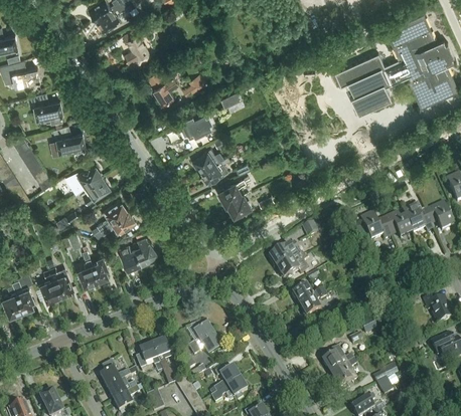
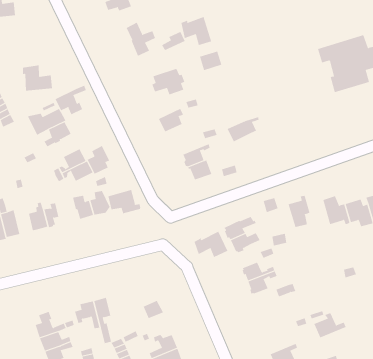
building: none -> [181,16,212,46]
building: [31,93,63,125] -> none
building: none -> [55,85,87,115]
building: [199,158,229,186] -> [227,117,260,142]
building: none -> [87,145,110,174]
building: none -> [288,194,310,228]
building: none -> [108,189,141,214]
building: none -> [194,231,228,258]
building: [188,324,214,356] -> none
building: [322,348,354,374] -> [314,313,347,338]

